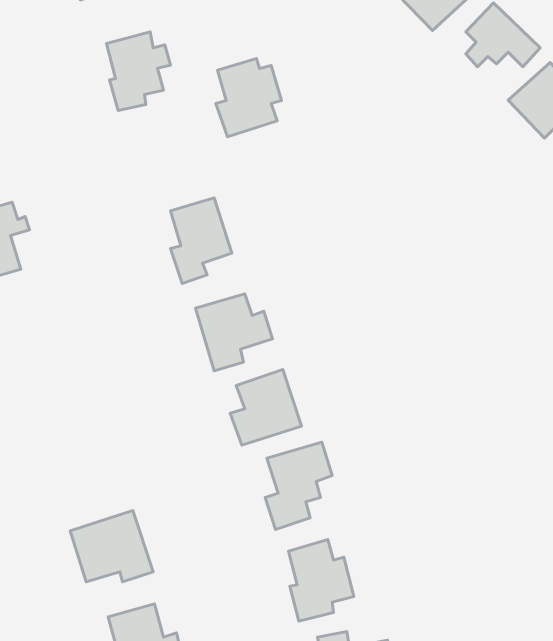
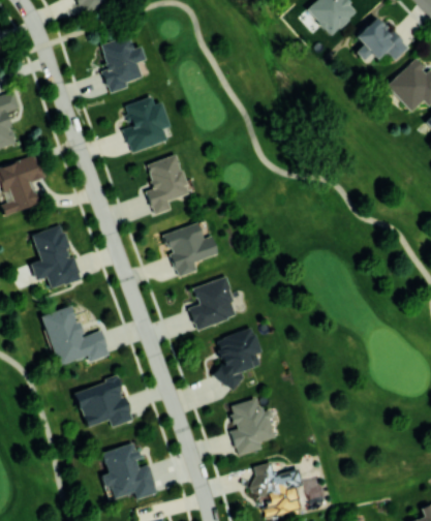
building: [216,58,281,137] -> [123,96,170,152]
building: none -> [31,224,82,288]
building: none -> [41,305,110,365]

